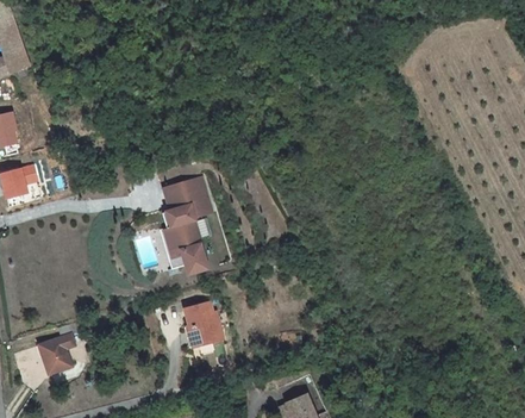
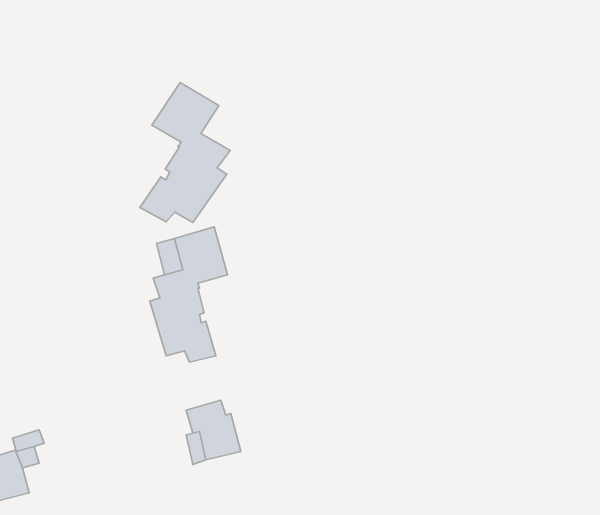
building: none -> [140,82,230,222]

